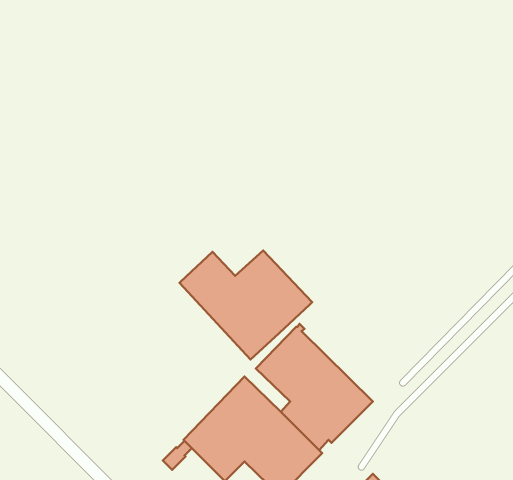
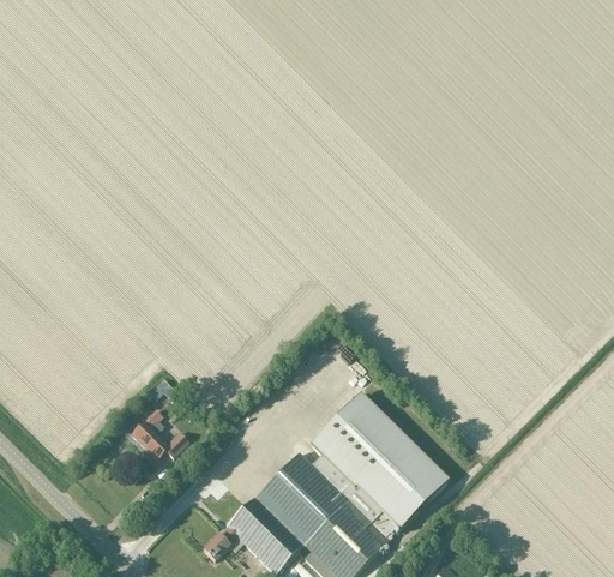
building: [180,250,312,359] -> none
building: none -> [132,408,189,457]

